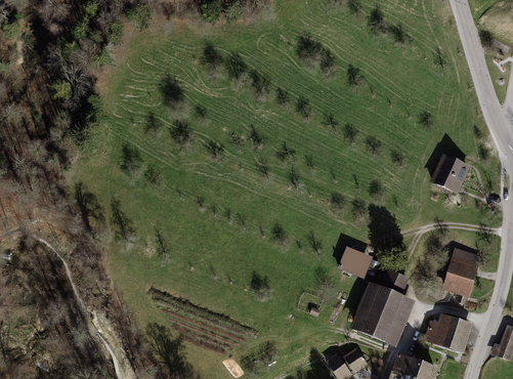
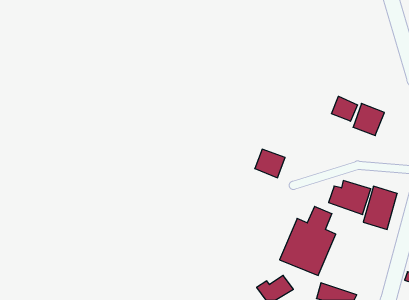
building: none -> [331,96,357,121]
building: [336,248,370,280] -> [255,149,285,178]
building: [425,314,472,352] -> [329,181,371,215]

